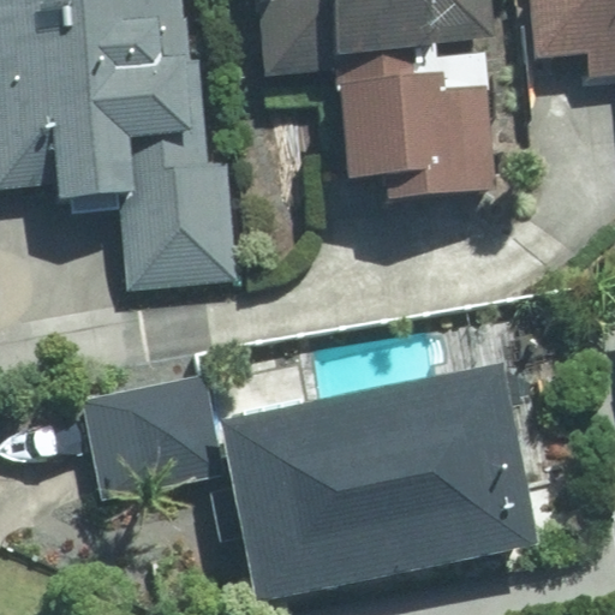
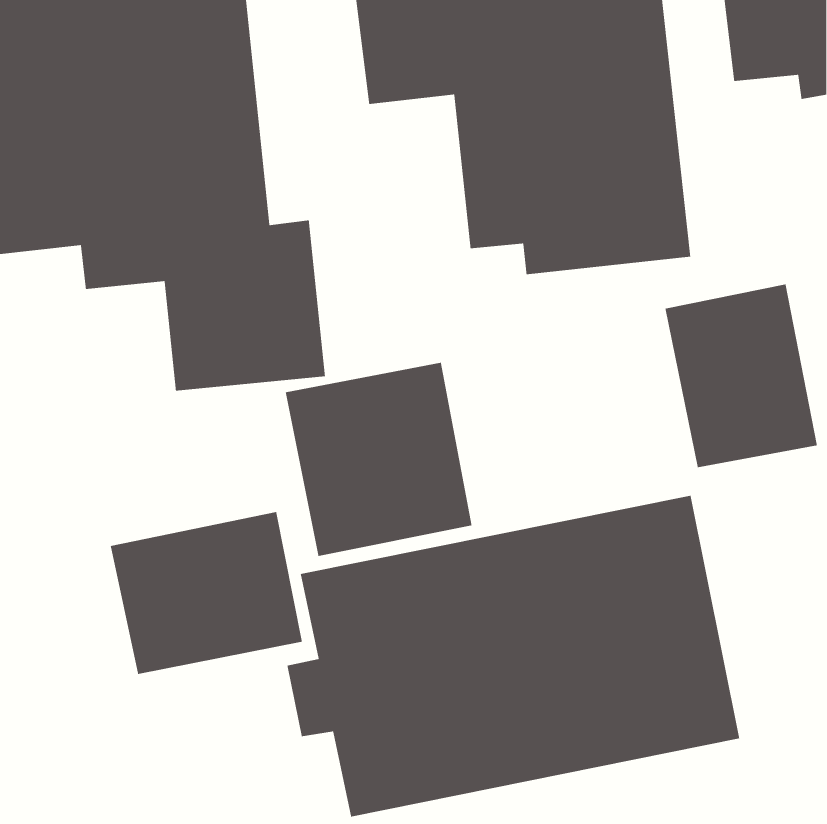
building: none -> [665,284,818,468]
building: none -> [285,362,472,557]

